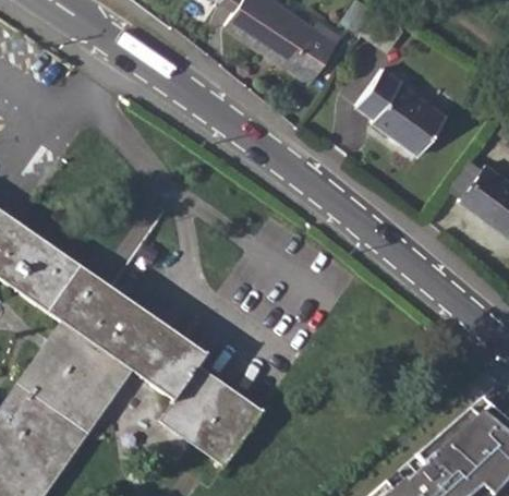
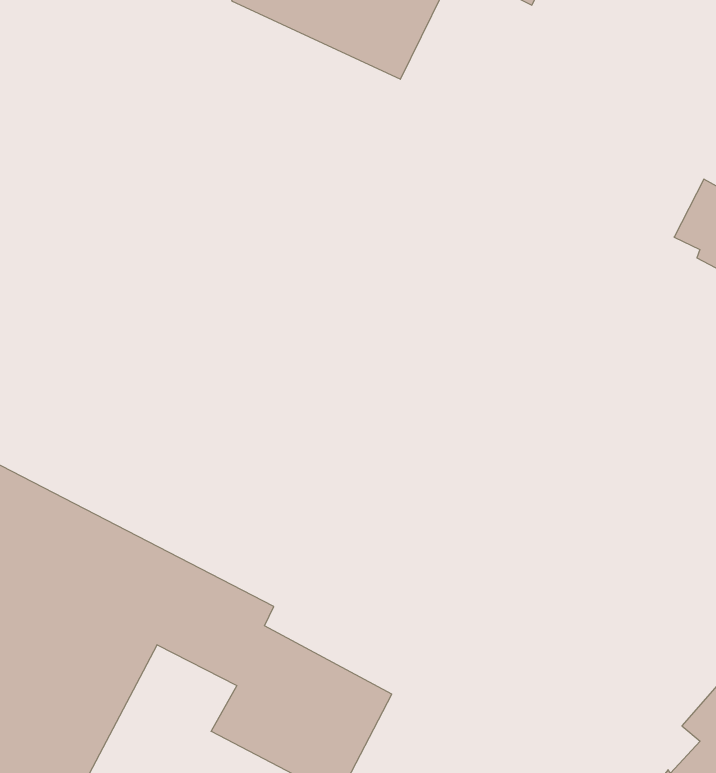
building: [356,69,447,155] -> none

